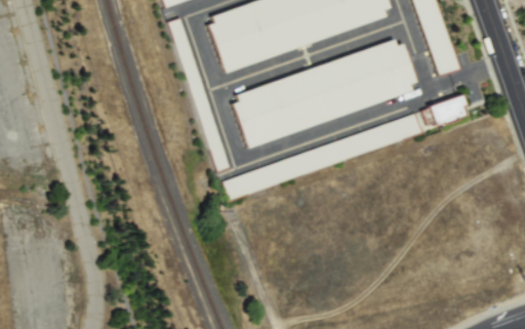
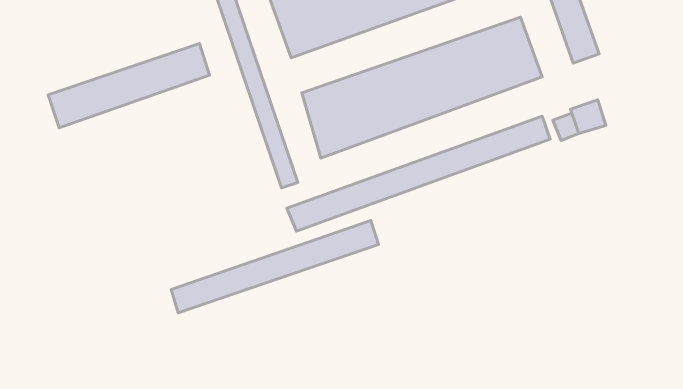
building: none -> [48,43,210,128]
building: none -> [171,221,379,313]

